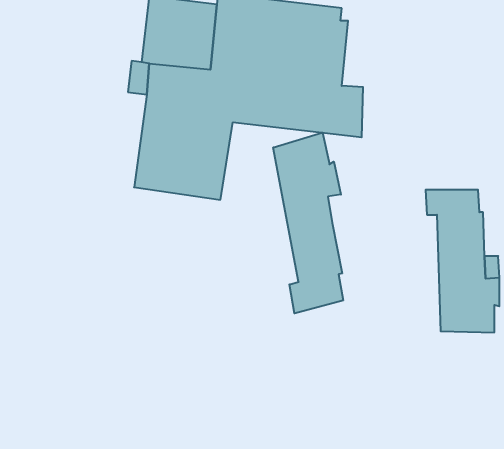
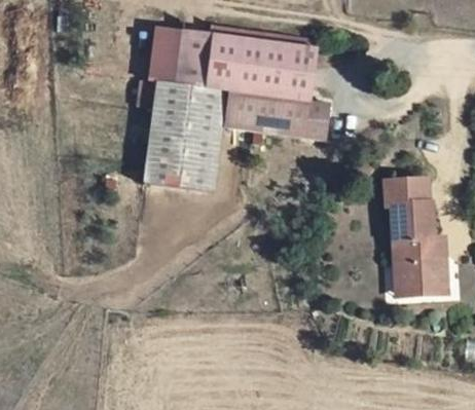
building: [273,133,343,313] -> none

